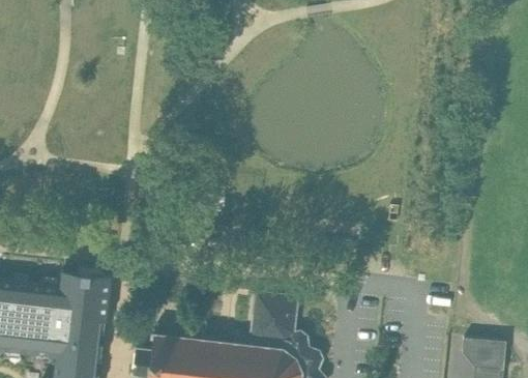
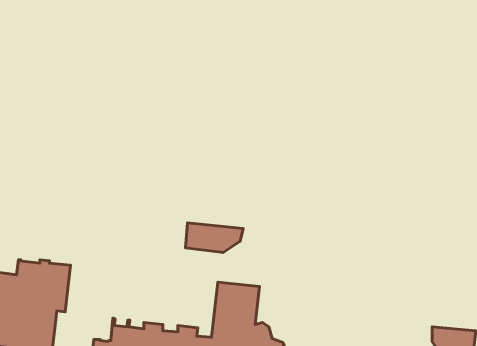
building: none -> [185,223,243,253]

